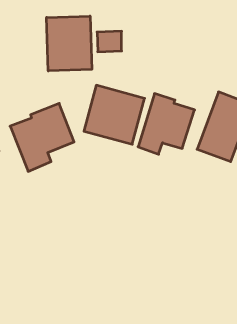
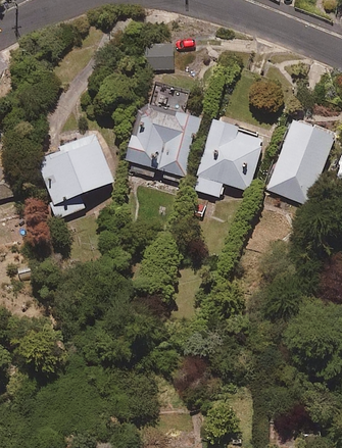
building: [47,16,92,71] -> none

